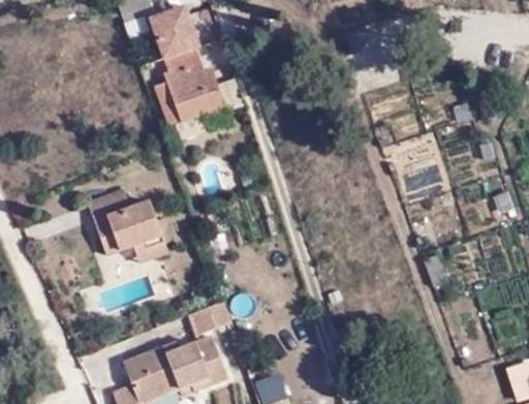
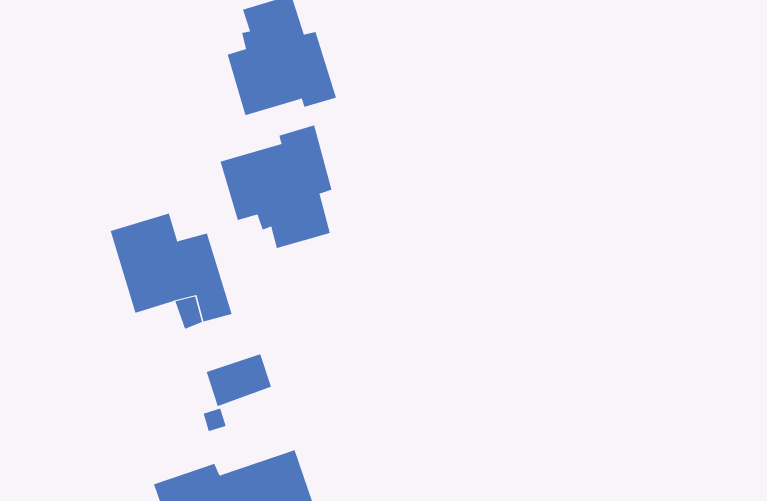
building: none -> [220,125,332,249]
building: [189,300,231,335] -> [206,354,272,407]

